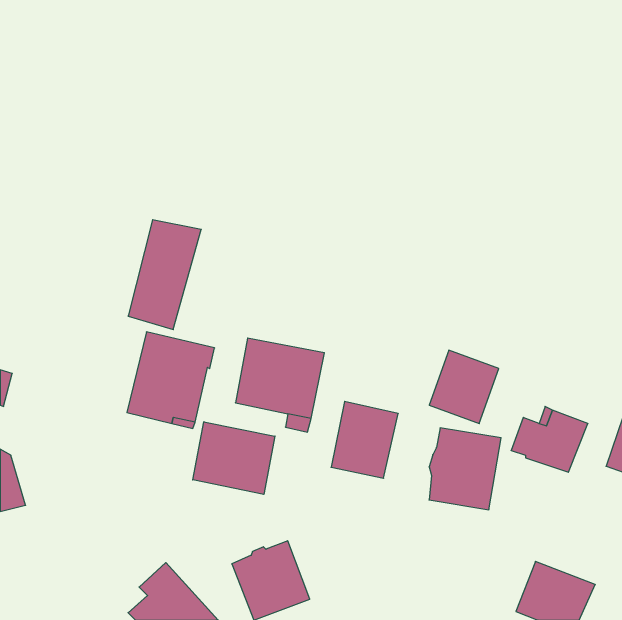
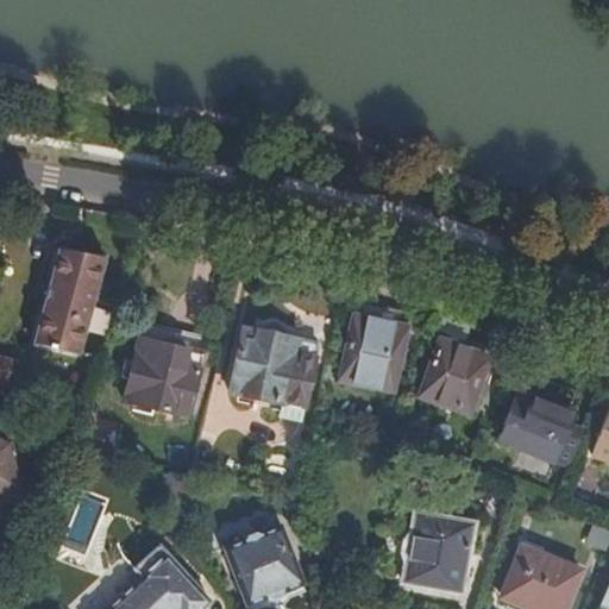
building: [128,220,201,330] -> [34,250,106,357]
building: [331,401,398,478] -> [340,315,406,390]
building: [193,422,275,494] -> none
building: [429,428,501,510] -> [406,514,476,594]

